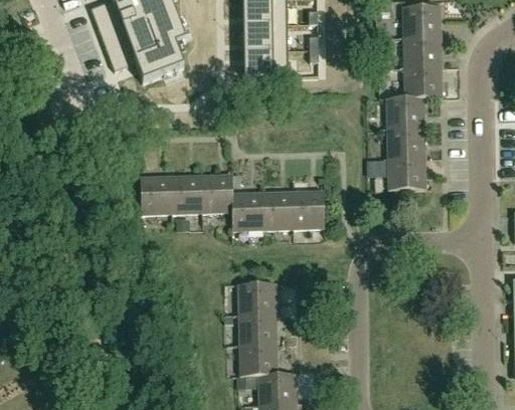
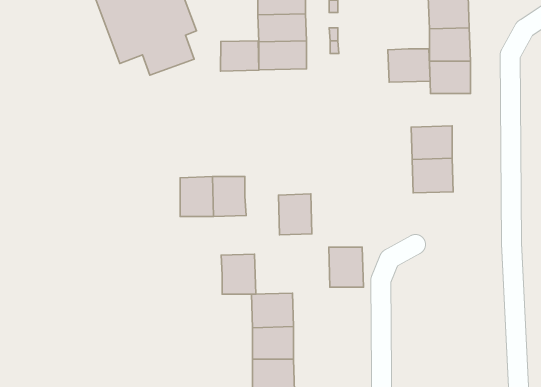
building: none -> [220,41,259,71]
building: [385,97,424,129] -> [388,49,430,82]
building: [140,176,171,213] -> none
building: [293,191,325,228] -> [329,247,363,287]
building: [231,192,264,229] -> [221,254,256,294]

